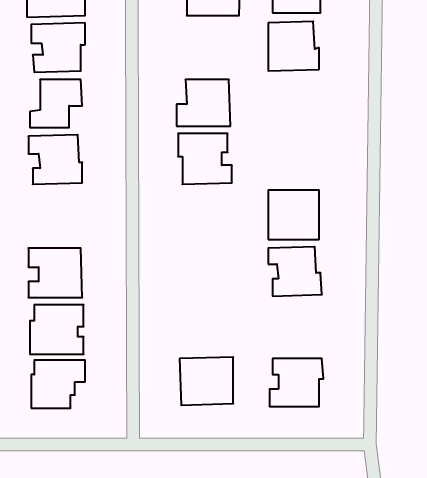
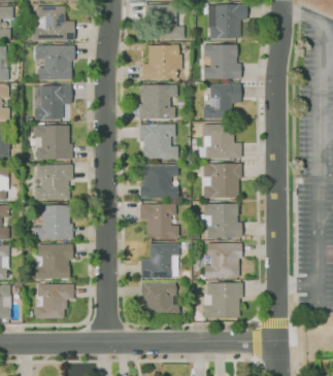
building: none -> [142,44,182,80]
building: none -> [203,82,242,116]
building: none -> [204,123,242,160]
building: none -> [140,163,179,198]
building: none -> [34,164,72,199]
building: none -> [140,203,176,239]
building: none -> [141,243,178,277]
building: none -> [204,243,241,277]

